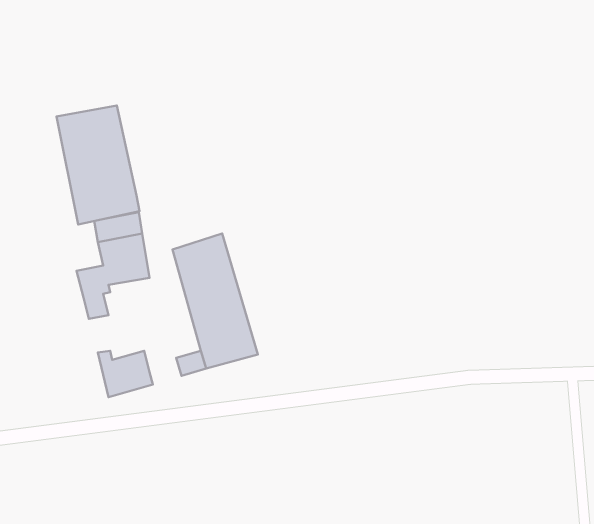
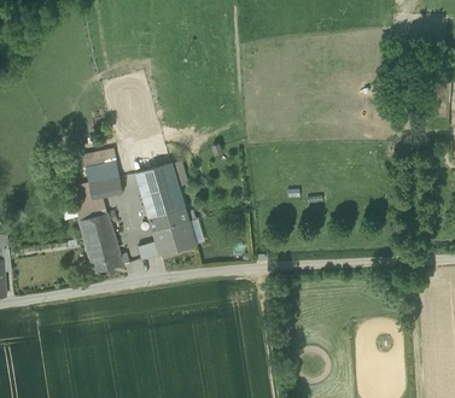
building: [57,106,140,224] -> none
building: none -> [80,213,117,248]

